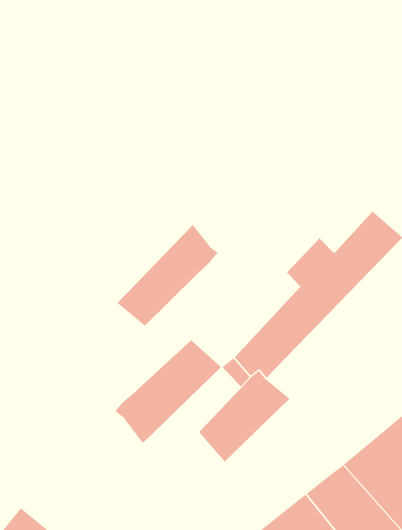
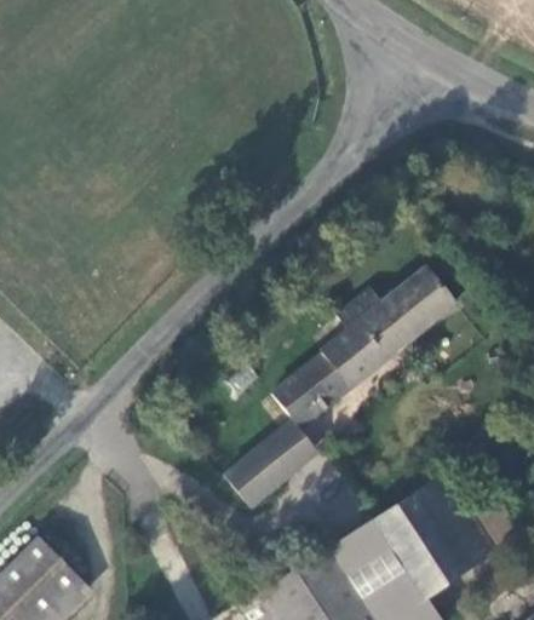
building: [117,224,219,326] -> none
building: [115,340,222,444] -> none

